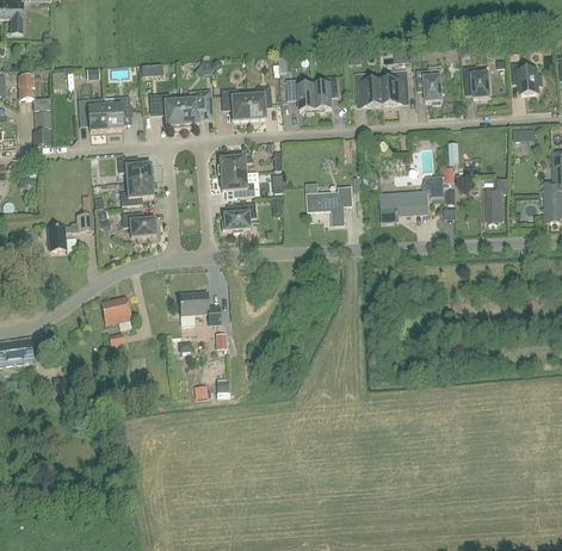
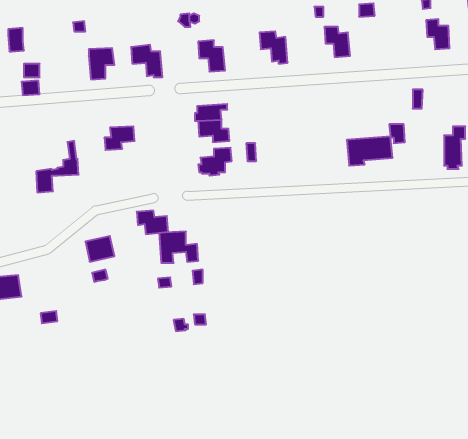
building: [416,69,445,104] -> none
building: [381,70,407,105] -> none
building: [314,76,338,112] -> none
building: [247,86,272,120] -> none
building: [180,91,214,128] -> none
building: [78,98,106,131] -> none
building: [118,157,152,181] -> none
building: [305,186,352,225] -> none
building: [122,212,155,237] -> [137,211,168,234]

